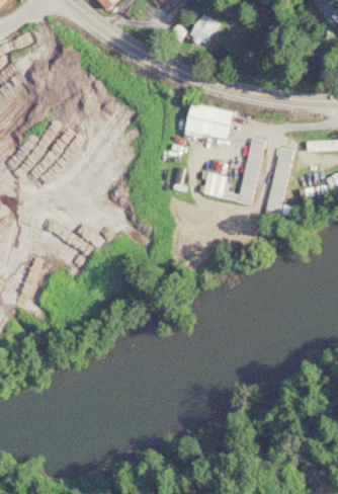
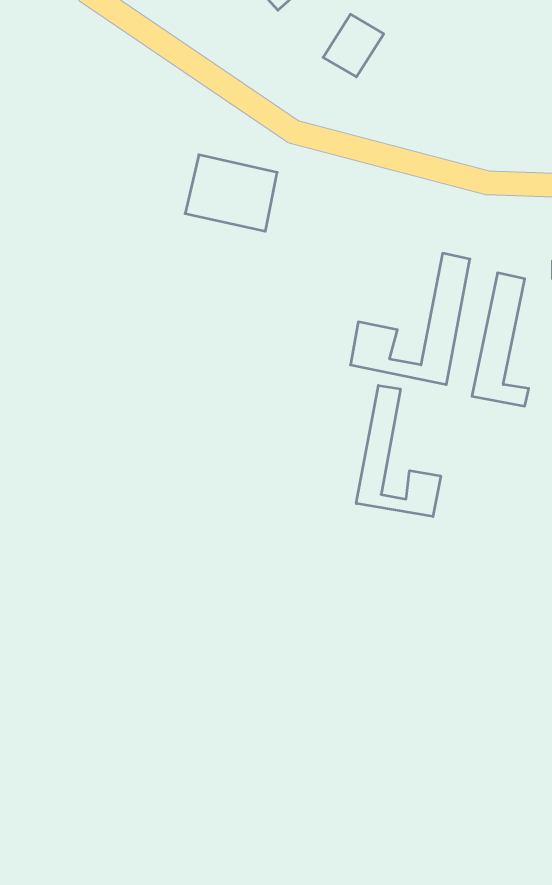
building: [185,102,233,142] -> [185,155,277,231]
building: none -> [356,385,441,517]

